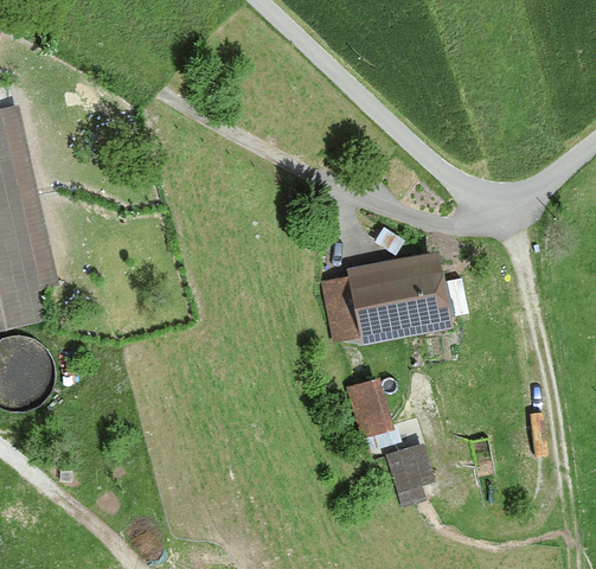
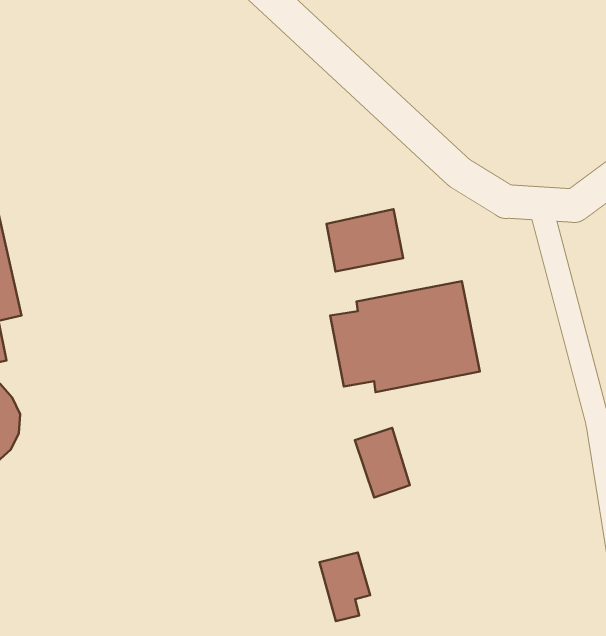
building: none -> [327,209,403,272]
building: [386,446,430,505] -> [320,553,370,621]

